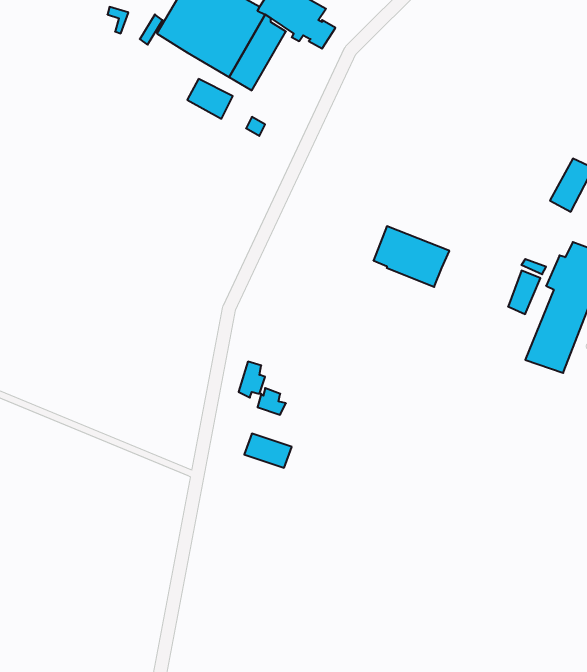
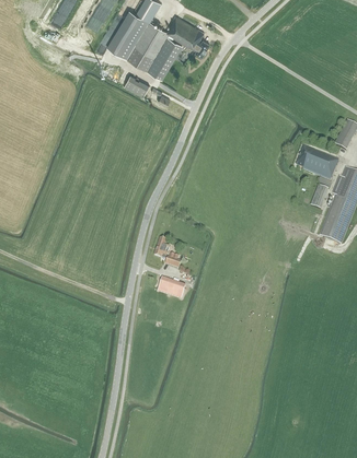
building: [373,226,449,287] -> [295,144,338,179]

